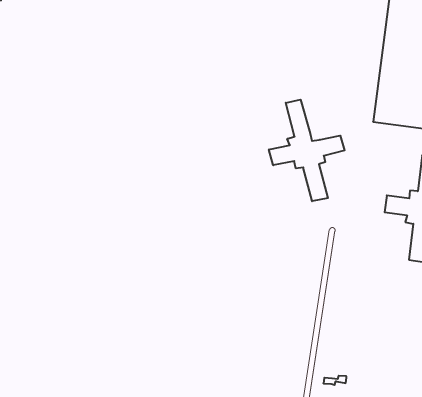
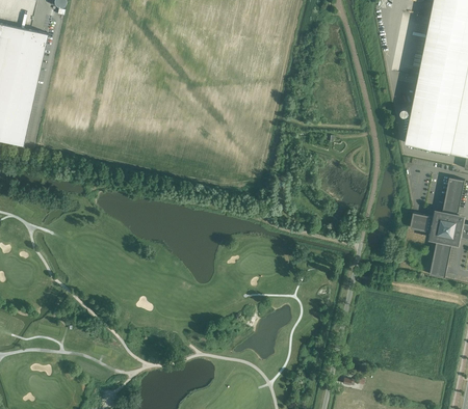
building: [269,100,345,201] -> none

